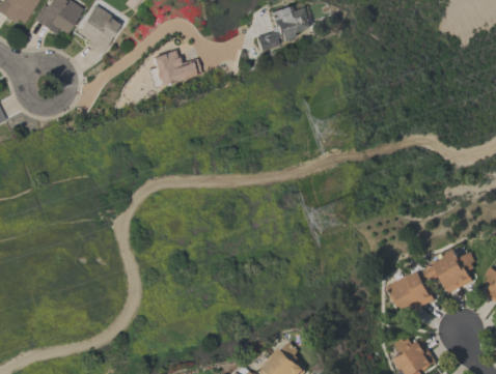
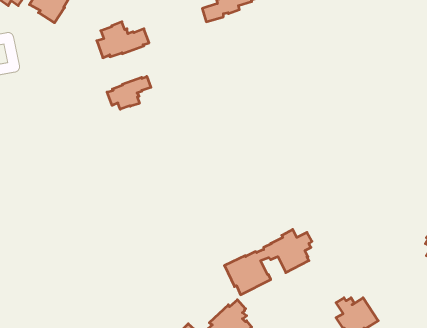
building: none -> [107,76,151,109]
building: [388,247,478,314] -> [224,229,312,295]

